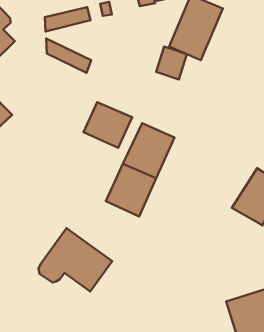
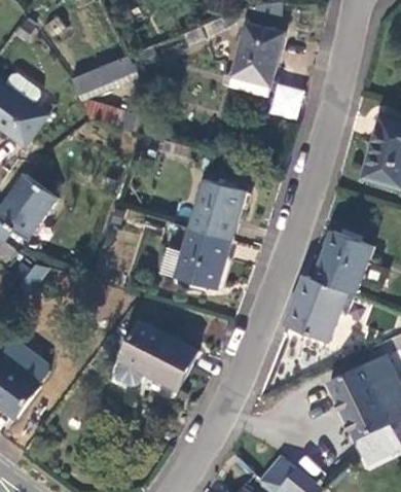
building: [156,46,187,79] -> [267,84,300,120]
building: [84,102,132,148] -> none
building: none -> [294,267,358,330]

